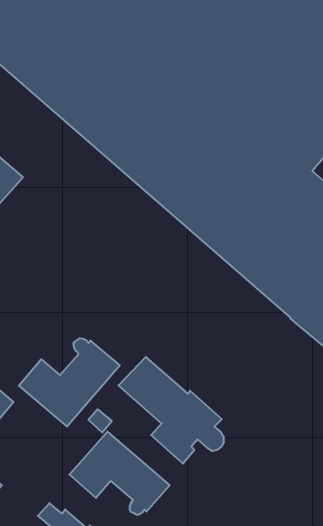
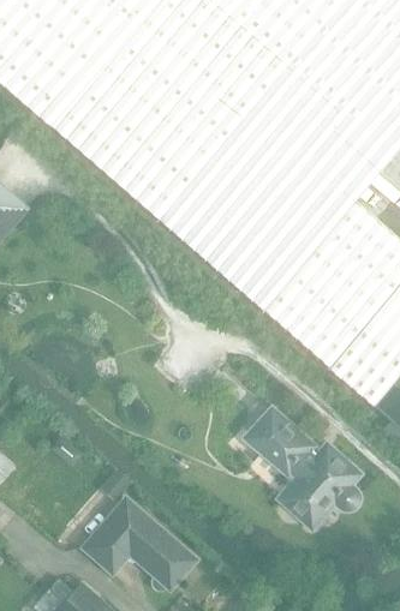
building: [19,338,120,427] -> none
building: [118,357,224,464] -> [240,406,360,527]

